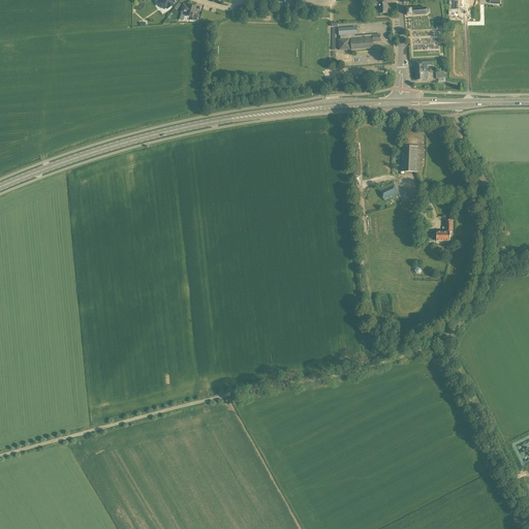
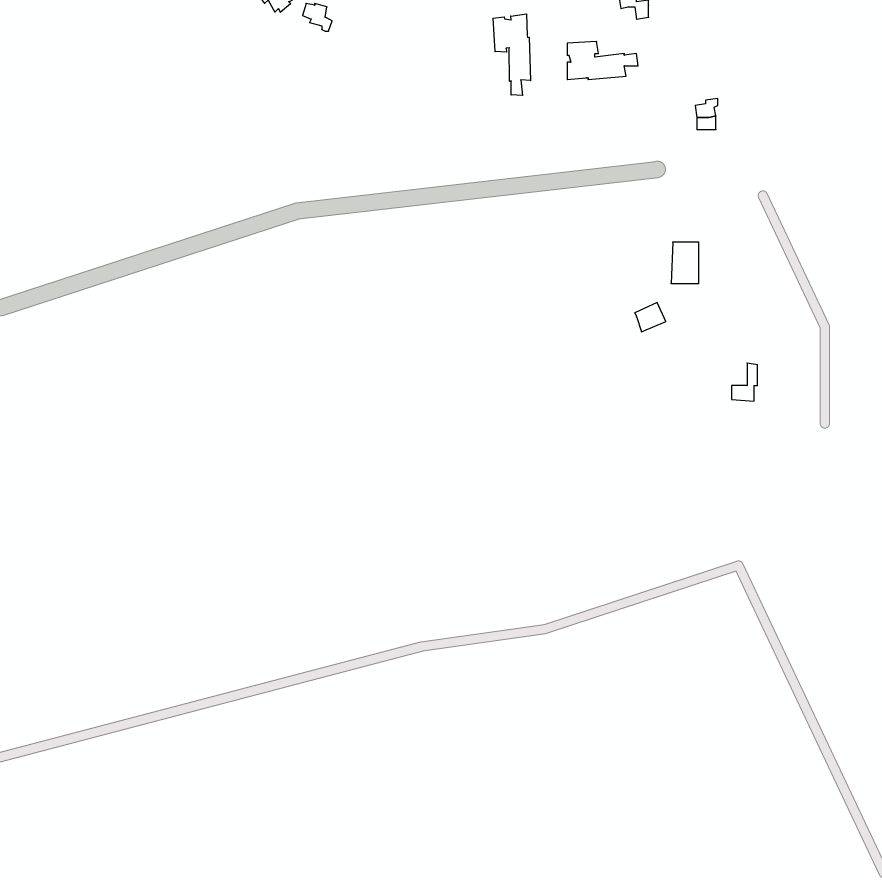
building: none -> [493,14,531,95]

